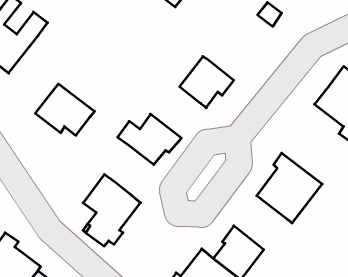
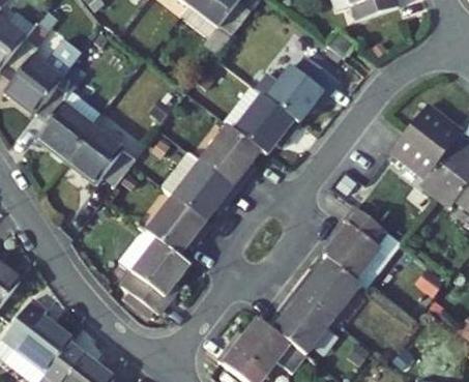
building: none -> [267,54,338,120]
building: none -> [35,68,104,158]
building: none -> [201,122,260,187]
building: none -> [147,195,209,254]
building: none -> [298,258,361,318]

